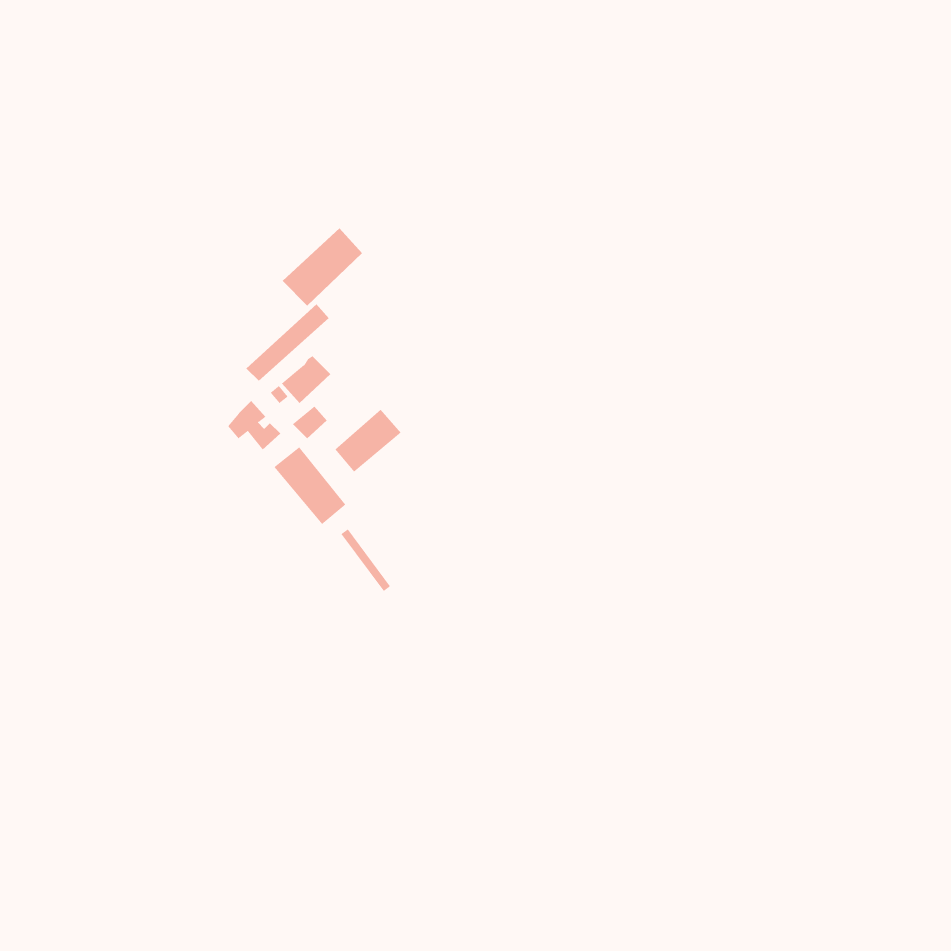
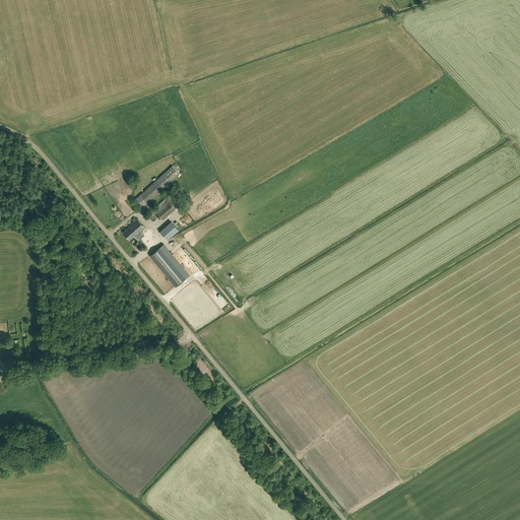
building: [282,228,363,306] -> none
building: [335,409,401,472] -> none

